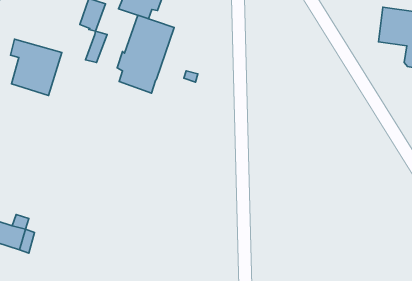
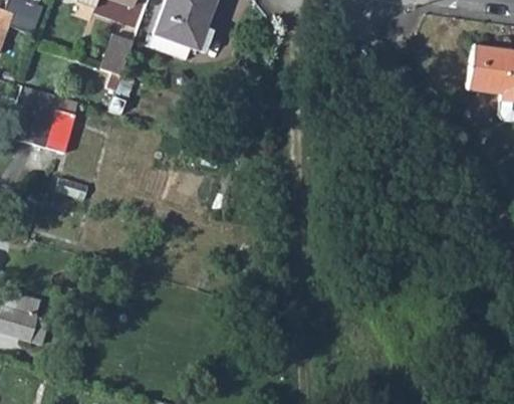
building: [117,15,174,93] -> none

